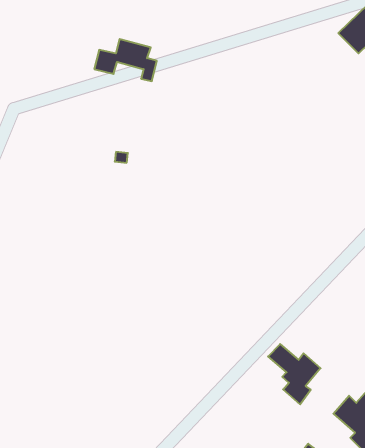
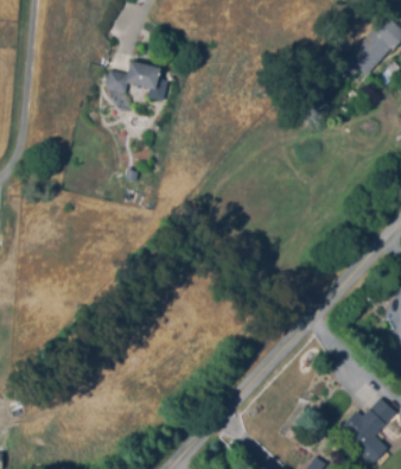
building: [268,344,321,404] -> none

